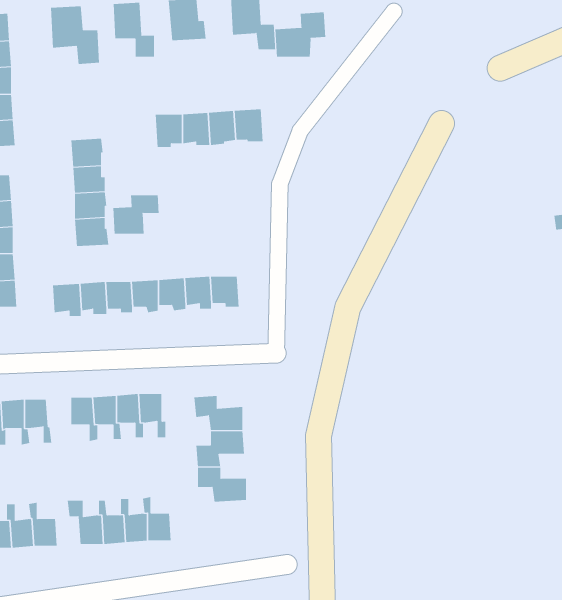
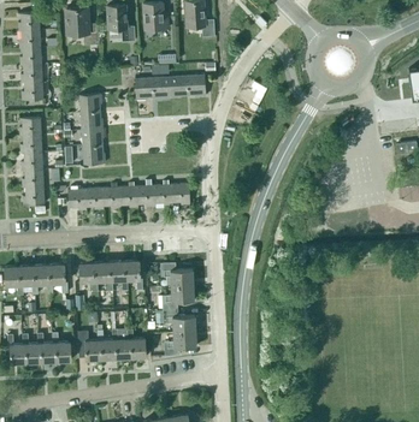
building: [275,12,326,57] -> none
building: [113,194,159,234] -> none
building: none -> [164,331,196,356]

